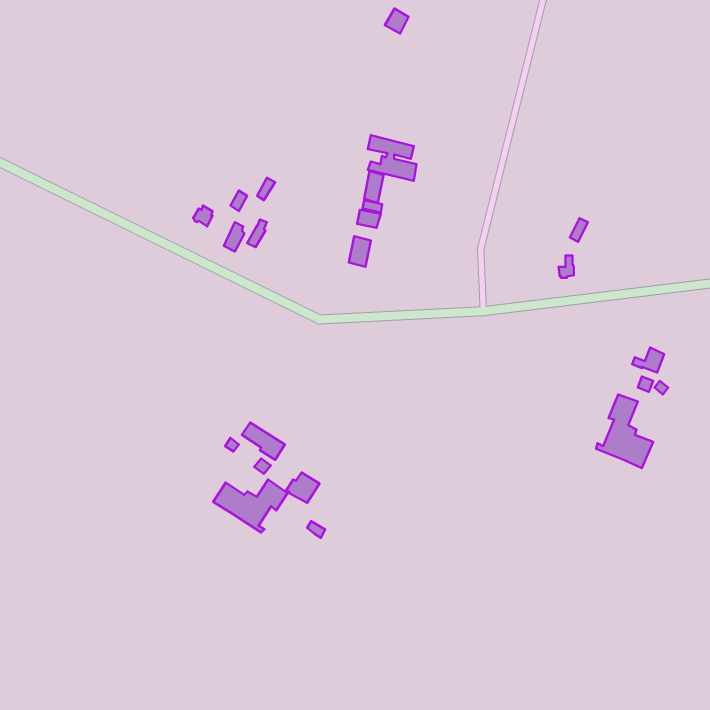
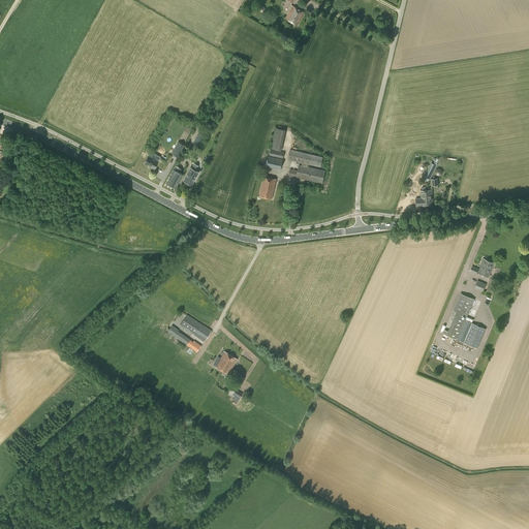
building: [368,135,417,181] -> [288,149,324,183]
building: [213,480,287,533] -> none

